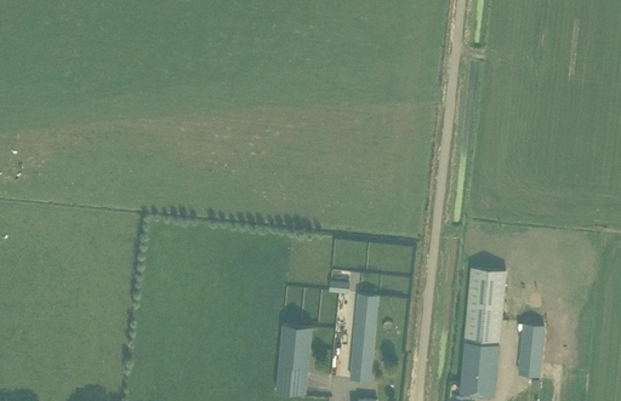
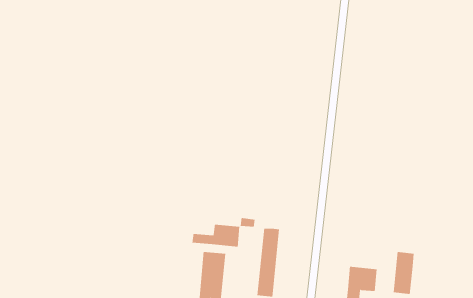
building: [463,270,506,348] -> none
building: none -> [192,224,240,248]

